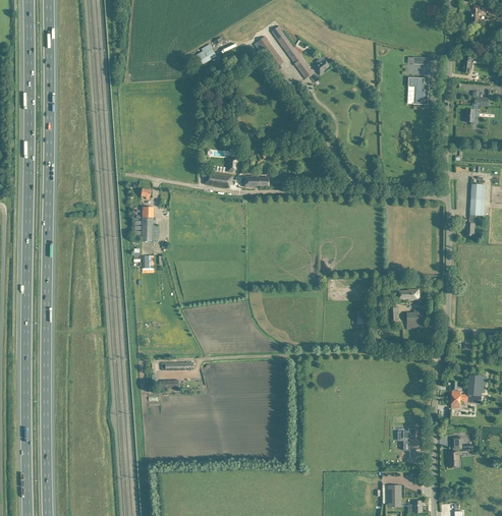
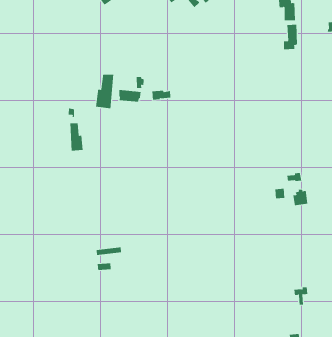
building: none -> [283,24,297,50]
building: none -> [96,74,114,109]

